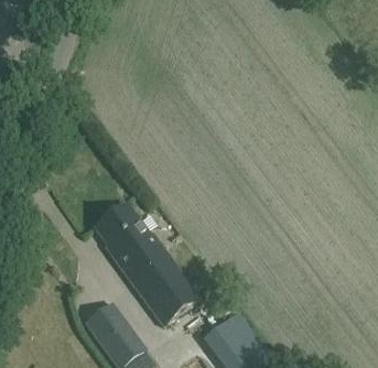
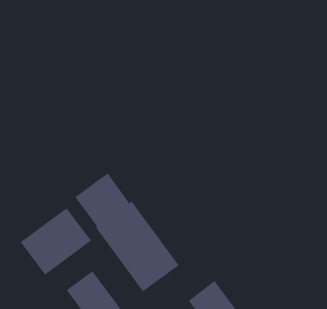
building: none -> [20,208,92,275]

